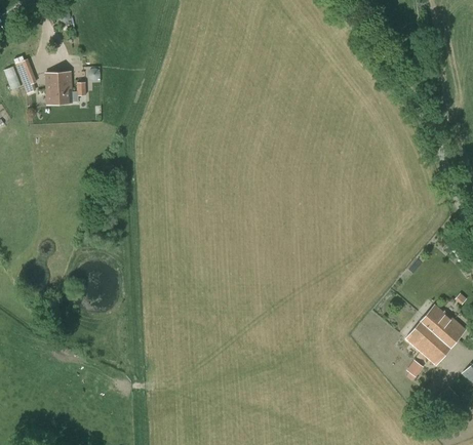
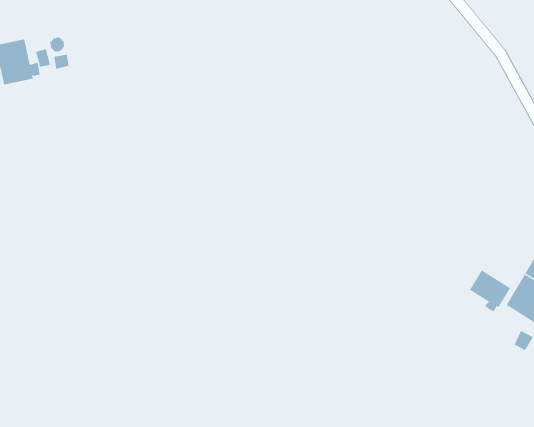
building: none -> [469,270,511,312]

